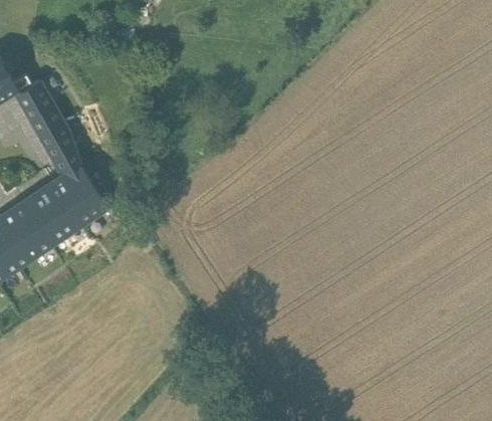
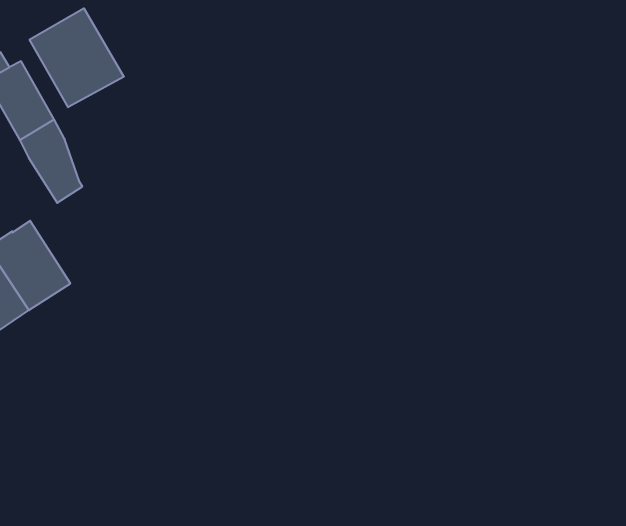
building: none -> [30,8,124,107]
building: [44,166,105,231] -> none

